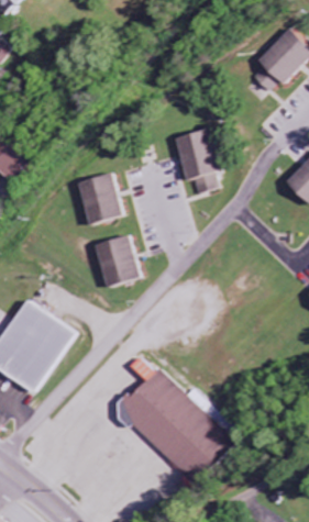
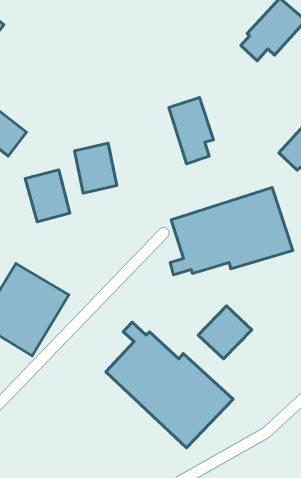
building: none -> [170,187,293,275]
building: [96,236,141,289] -> [25,170,70,222]
building: none -> [198,306,252,359]

